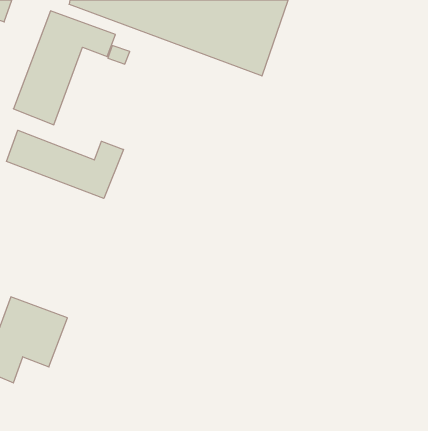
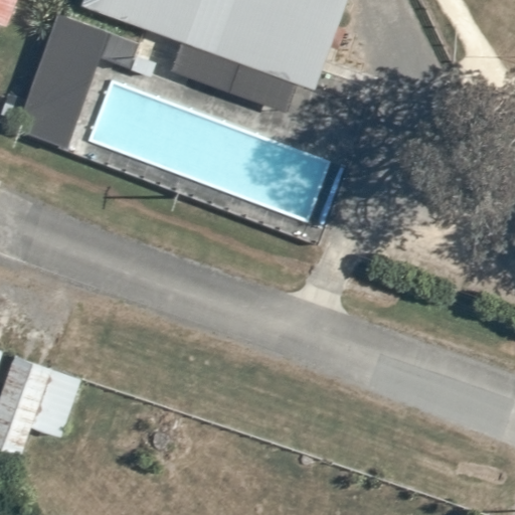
building: [7,130,123,198] -> none

